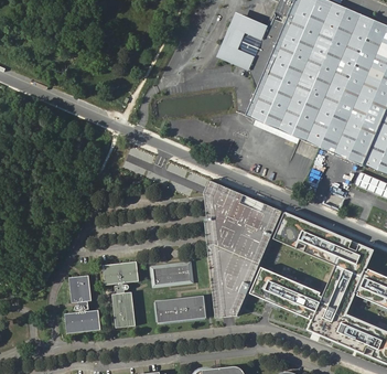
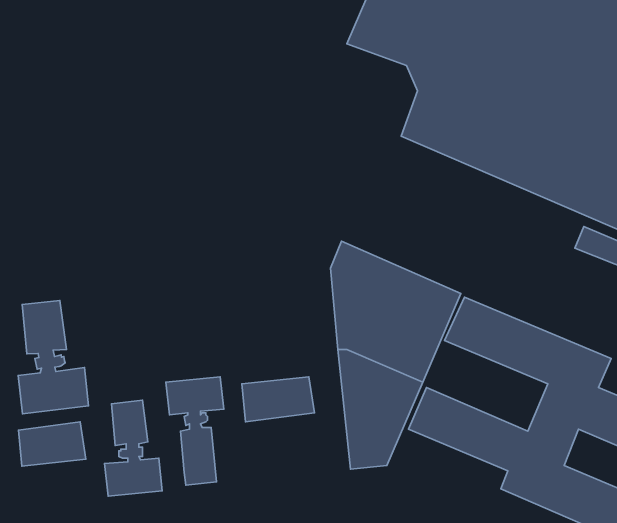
building: none -> [18,300,89,414]
building: none -> [19,422,86,466]
building: [155,296,206,323] -> none

